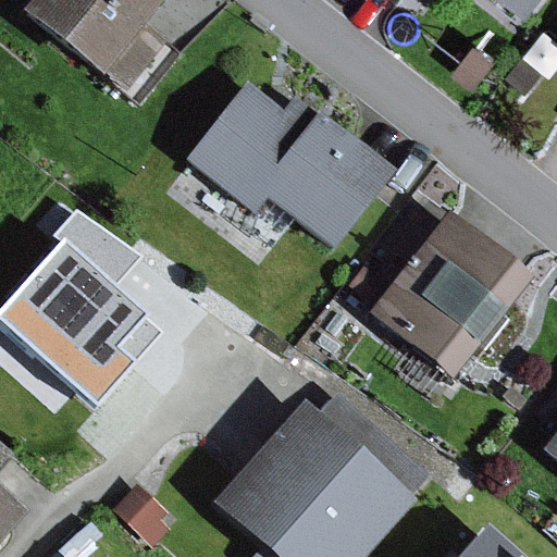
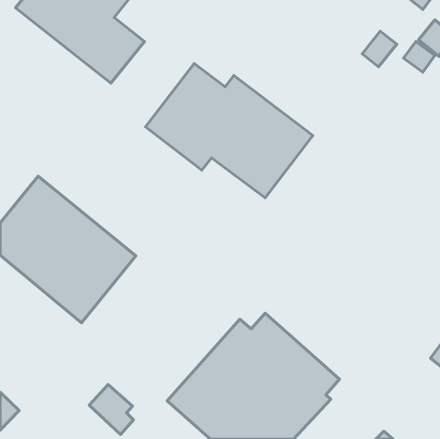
building: [370,209,535,376] -> none

